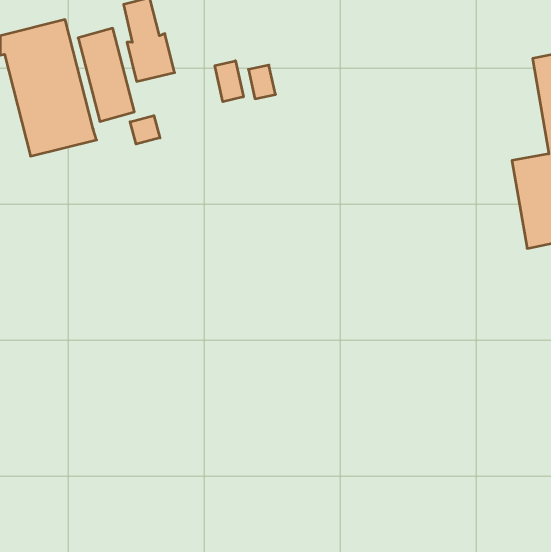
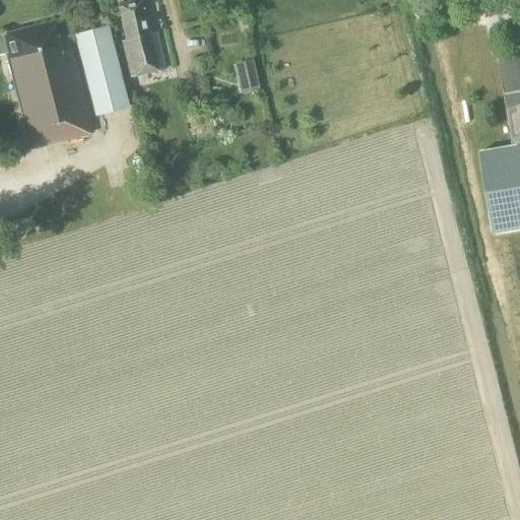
building: [215,61,243,102] -> none
building: [130,116,160,144] -> none

